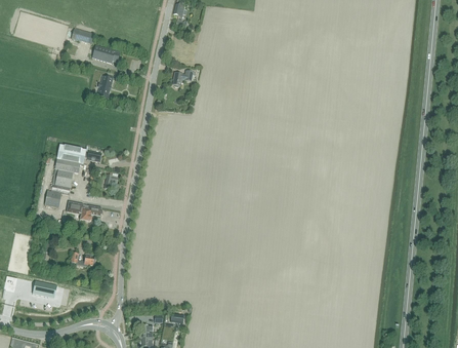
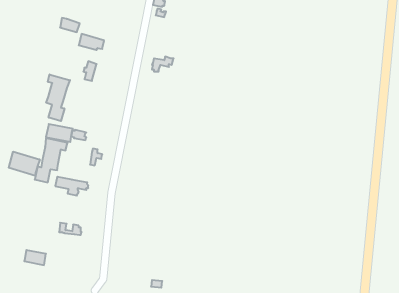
building: none -> [46,74,70,121]
building: none -> [9,152,40,176]

